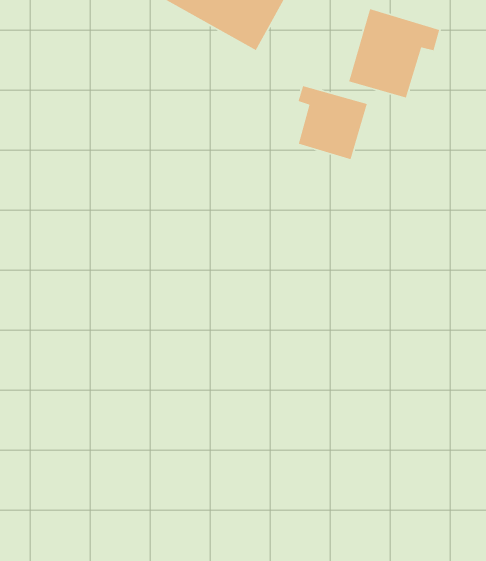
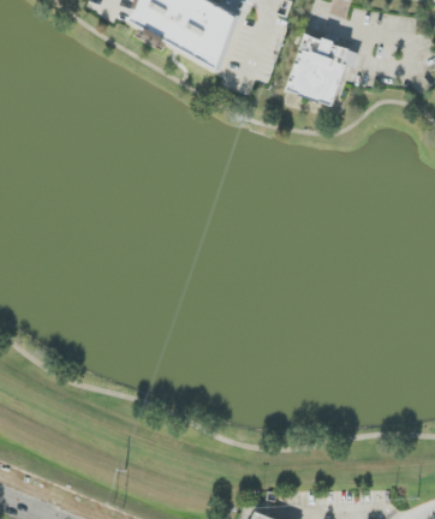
building: [298,85,368,160] -> none

